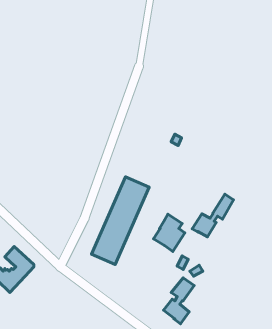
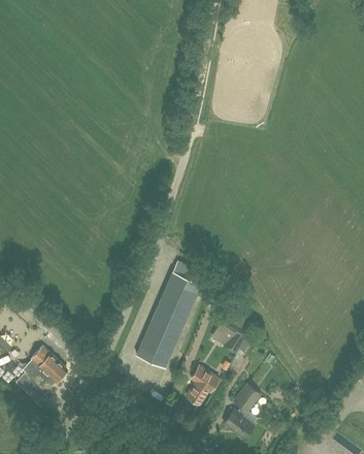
building: [192,194,234,237] -> none
building: none -> [187,366,219,404]

